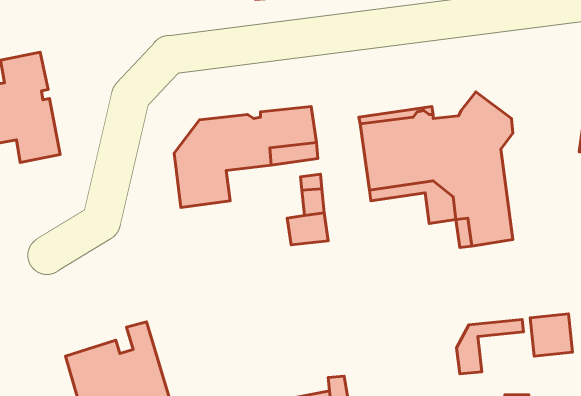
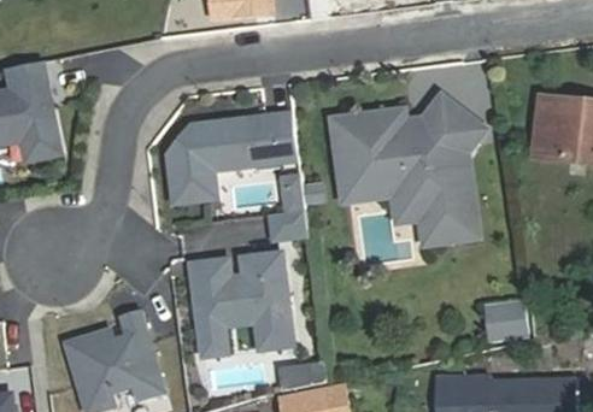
building: none -> [189,253,289,355]
building: [456,319,524,374] -> none

